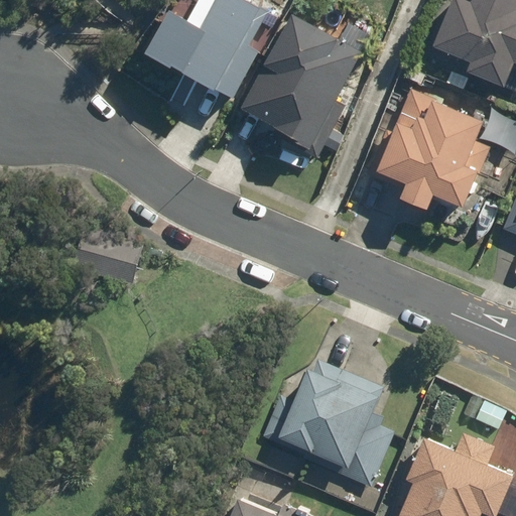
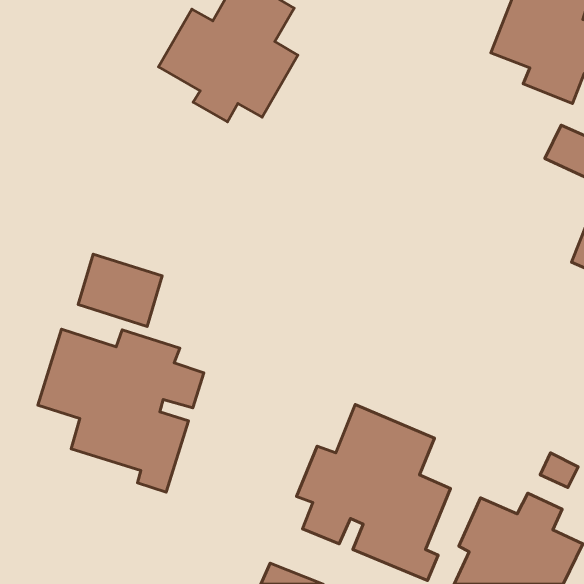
building: [239,13,365,151] -> none
building: [370,88,485,215] -> none
building: none -> [38,329,204,492]

